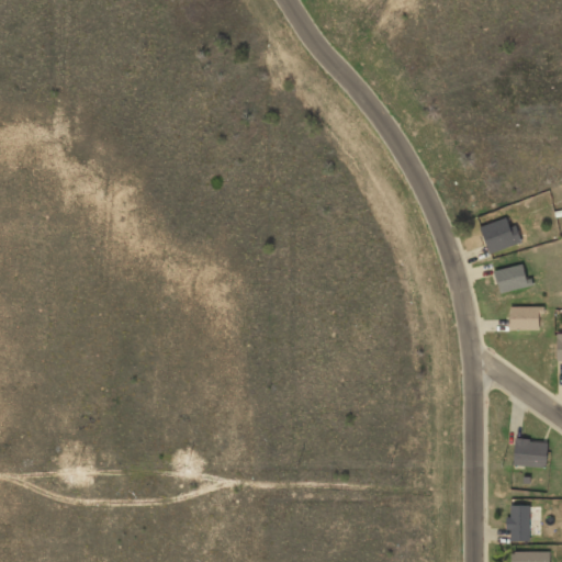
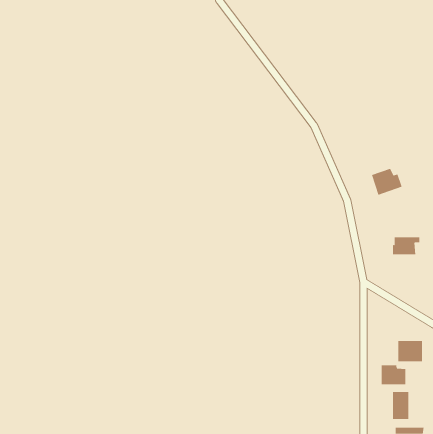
building: [494,263,533,293] -> none
building: none -> [381,364,406,385]

